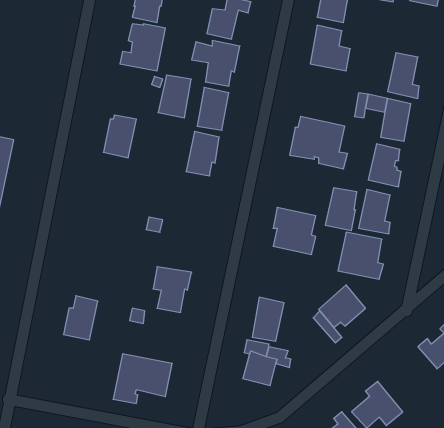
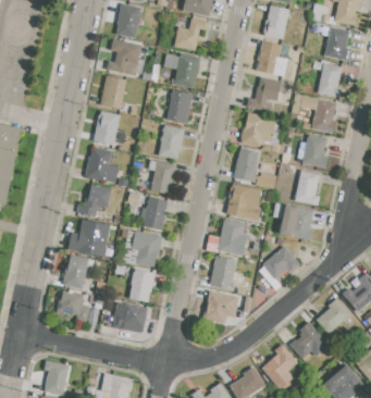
building: none -> [325,27,351,61]
building: none -> [247,76,282,110]
building: [158,75,191,118] -> [100,75,126,109]
building: none -> [85,146,112,181]
building: none -> [150,159,175,194]
building: [325,188,357,231] -> [234,148,259,182]
building: none -> [77,184,112,215]
building: none -> [141,197,169,232]
building: none -> [218,217,247,254]
building: none -> [69,219,110,256]
building: none -> [131,269,156,302]
building: none -> [57,290,91,323]
building: none -> [317,297,353,334]

